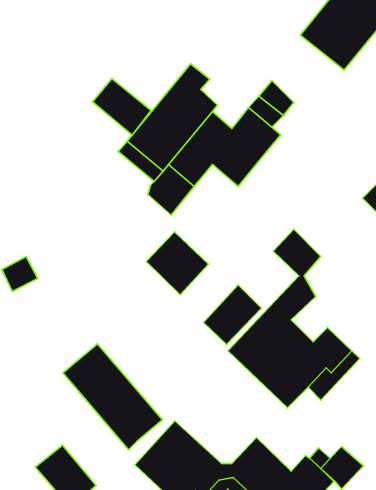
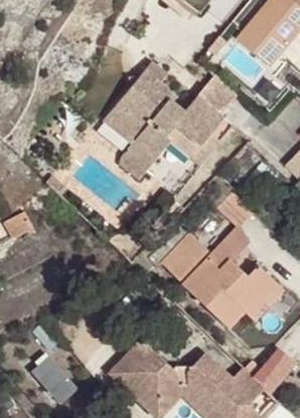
building: [93,79,151,135] -> none
building: [146,232,209,295] -> none
building: [63,344,163,450] -> none

